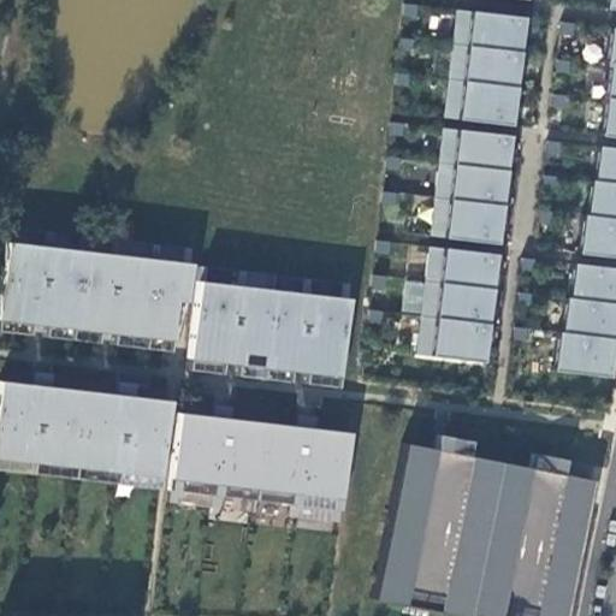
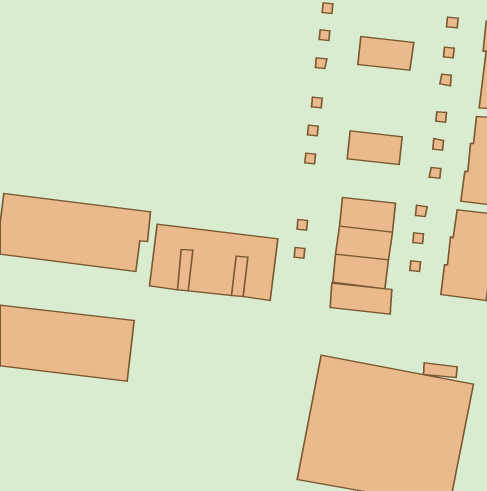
building: [457,11,527,54] -> none
building: [450,82,519,125] -> none
building: [444,129,514,172] -> none
building: [436,200,505,243] -> none
building: none -> [330,283,392,314]
building: [177,414,354,511] -> none

